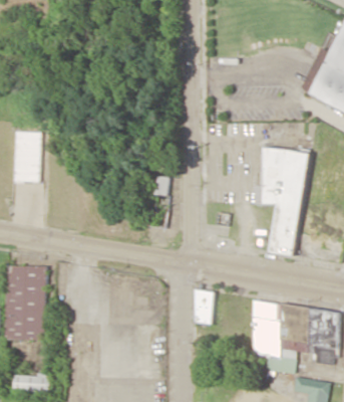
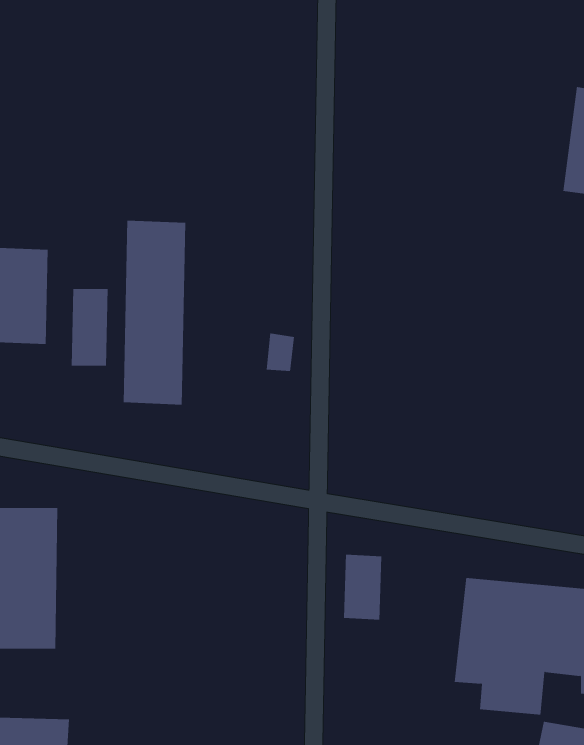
building: none -> [123,220,186,405]
building: [252,146,308,255] -> none
building: none -> [71,288,108,366]

